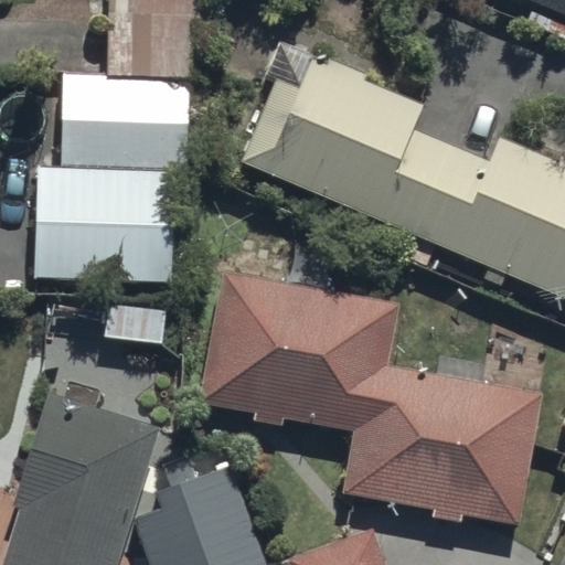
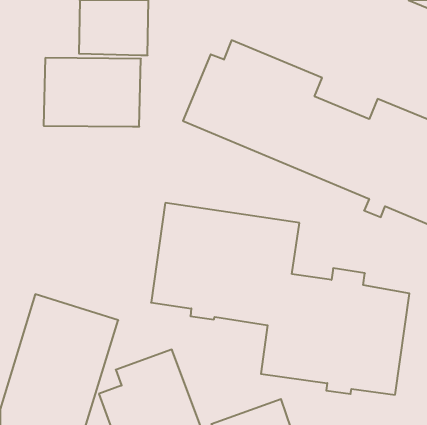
building: [38,169,177,268] -> none

